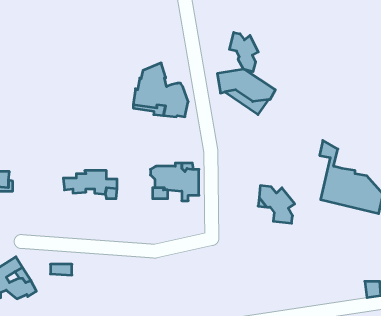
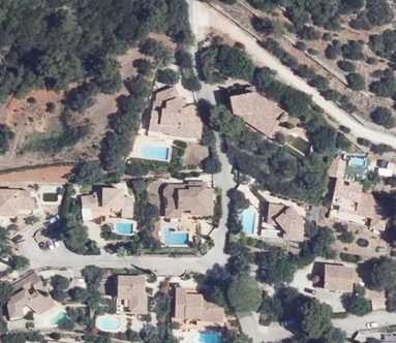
building: [229,32,258,72] -> none
building: none -> [319,266,352,288]
building: none -> [118,276,147,312]
building: none -> [176,287,223,321]

